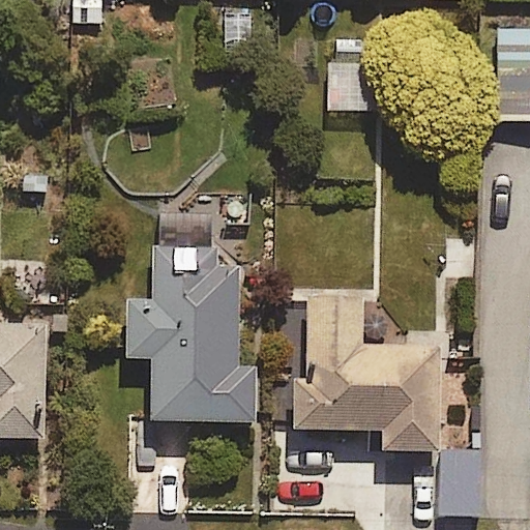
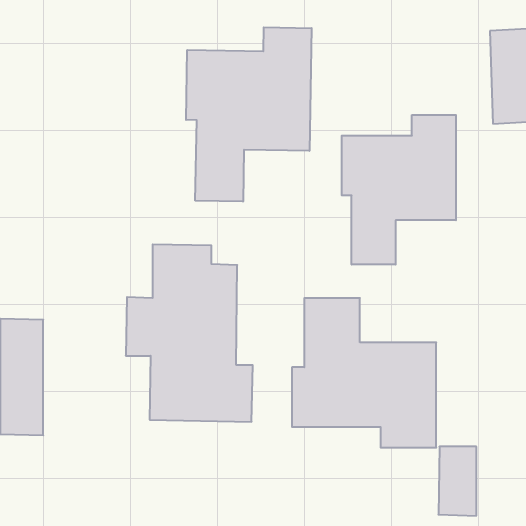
building: none -> [186,27,312,202]
building: none -> [342,115,456,265]

